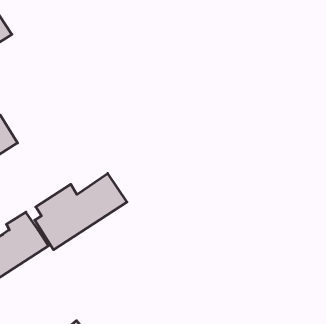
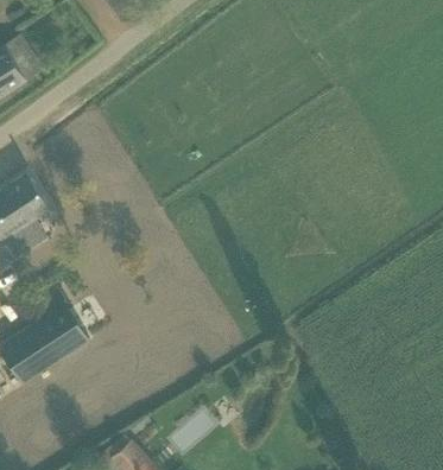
building: [35,173,127,250] -> none

